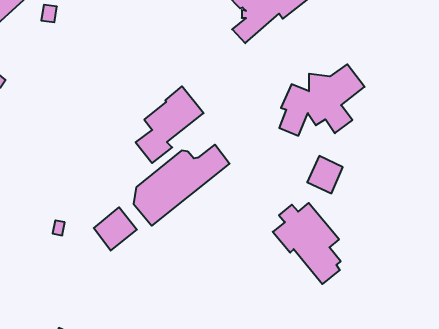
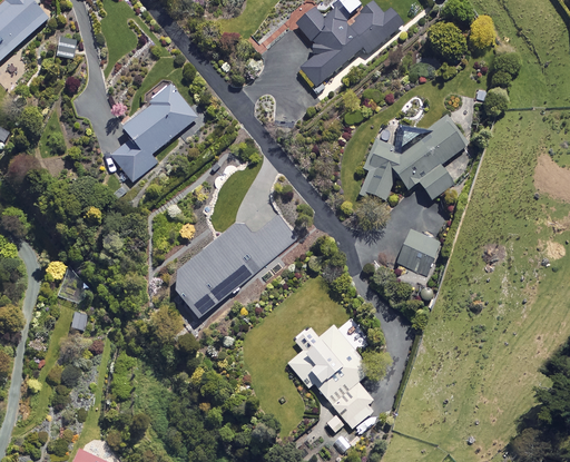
building: [136,86,204,163] -> [111,83,198,181]
building: [273,203,341,284] -> [287,325,374,429]
building: [94,207,137,251] -> none

